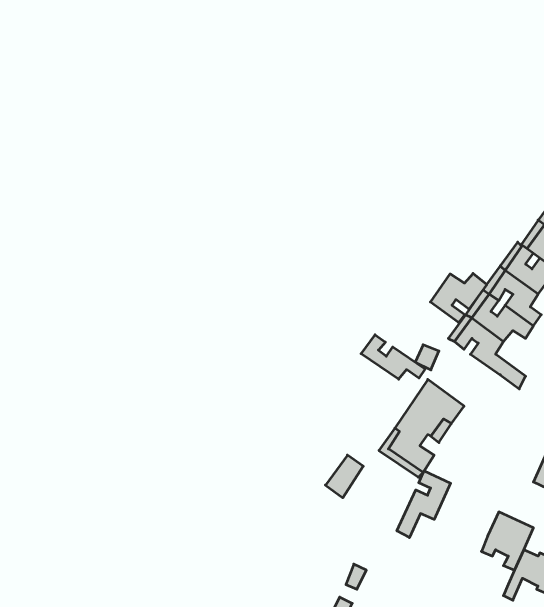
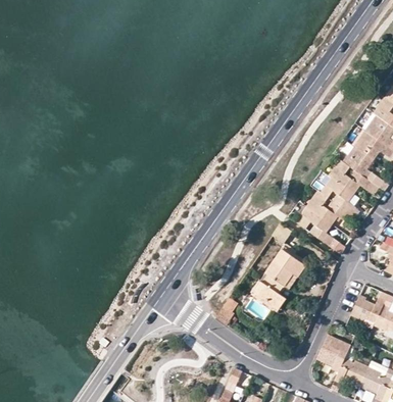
building: [430,273,487,322] -> none
building: [361,335,425,379] -> none
building: [397,471,451,538] -> none

